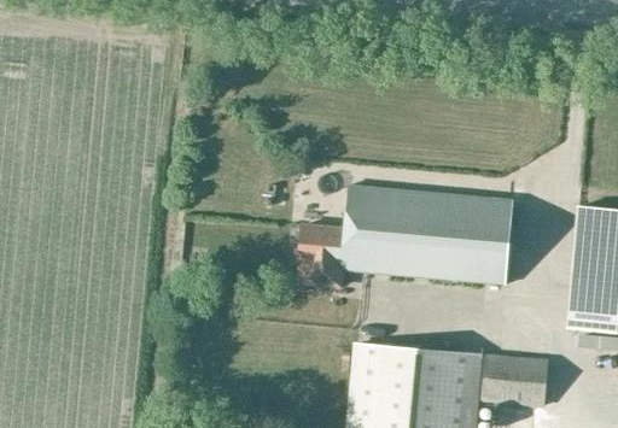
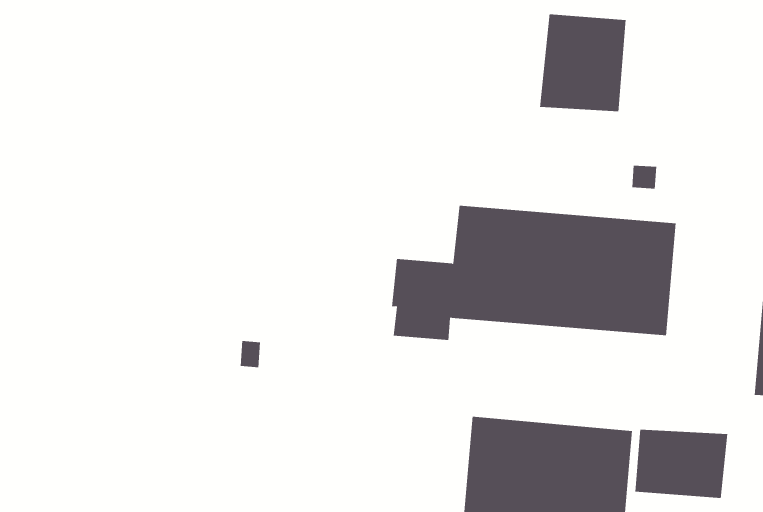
building: none -> [540,13,626,112]

